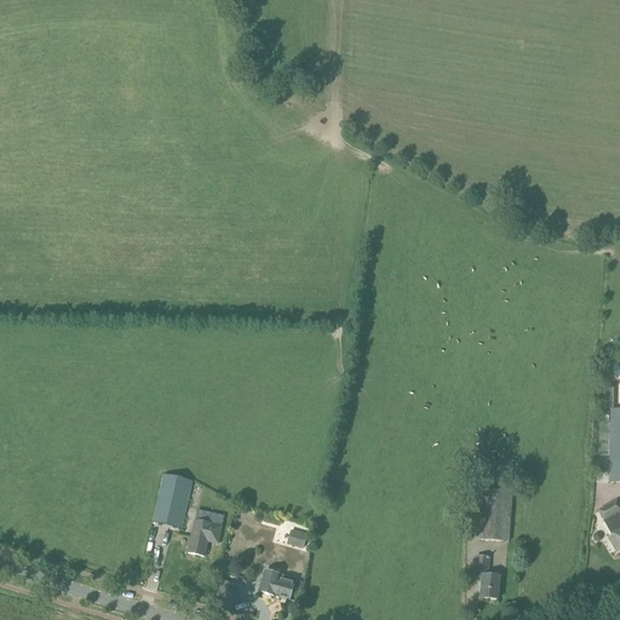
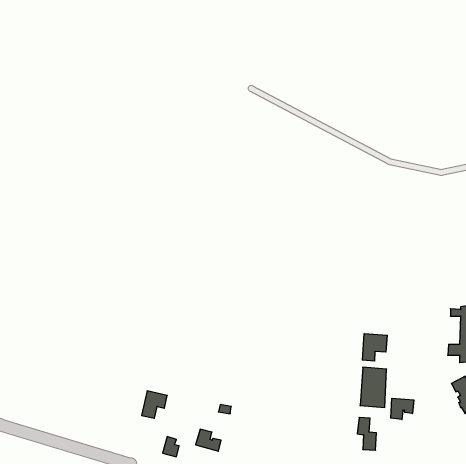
building: none -> [362,334,387,361]
building: [153,472,194,527] -> none
building: none -> [391,398,414,420]

